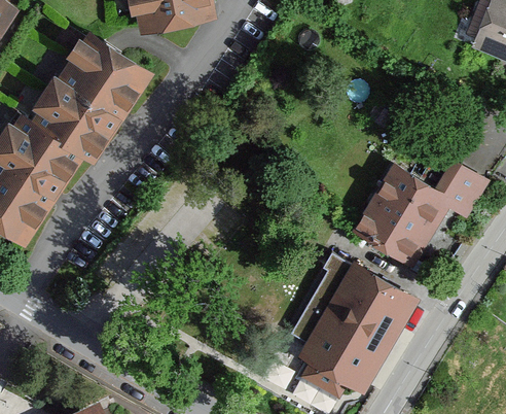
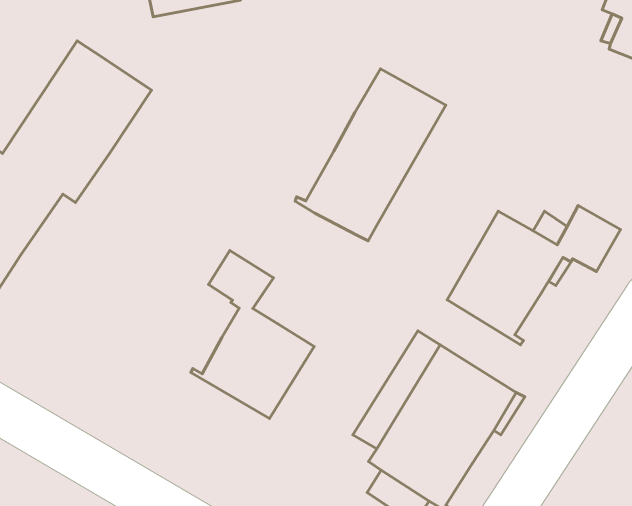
building: none -> [295,69,446,241]
building: none -> [191,250,314,418]

